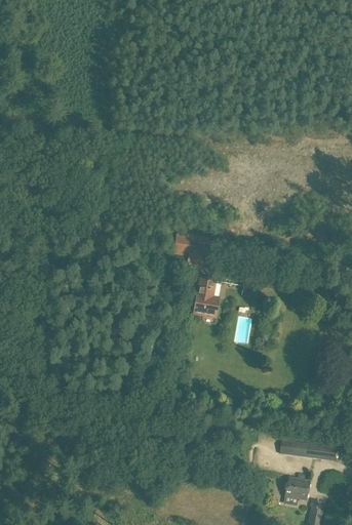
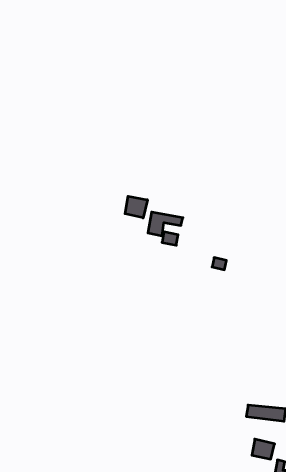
building: none -> [125,196,147,218]
building: [194,277,219,316] -> none

